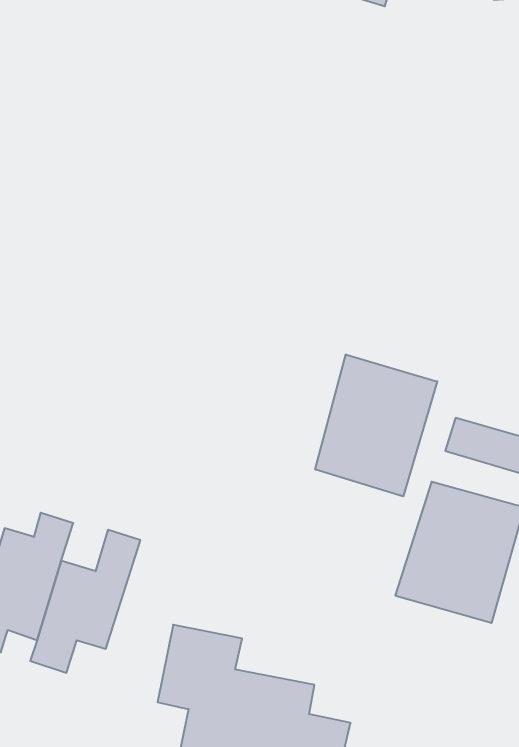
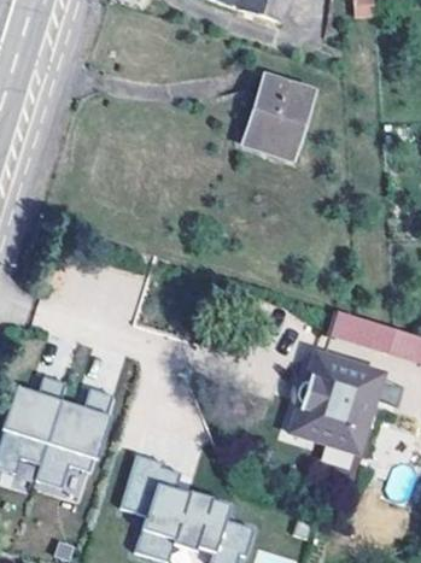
building: none -> [244,80,312,160]
building: [315,354,437,496] -> none

